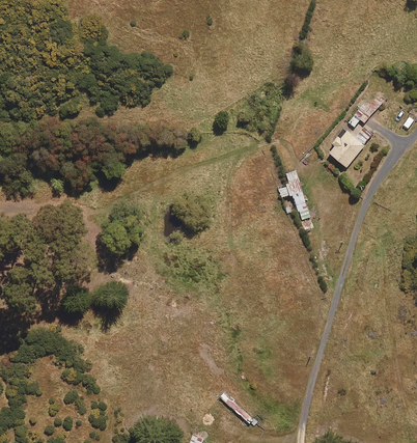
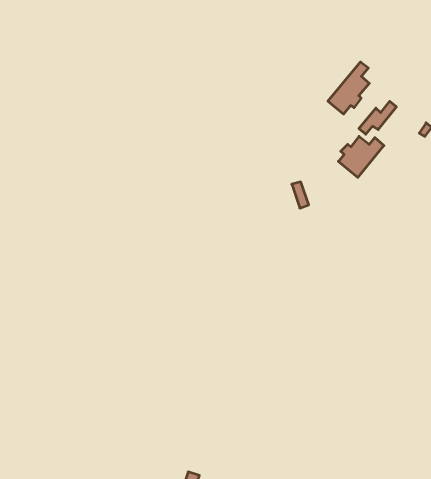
building: none -> [328,62,369,114]

